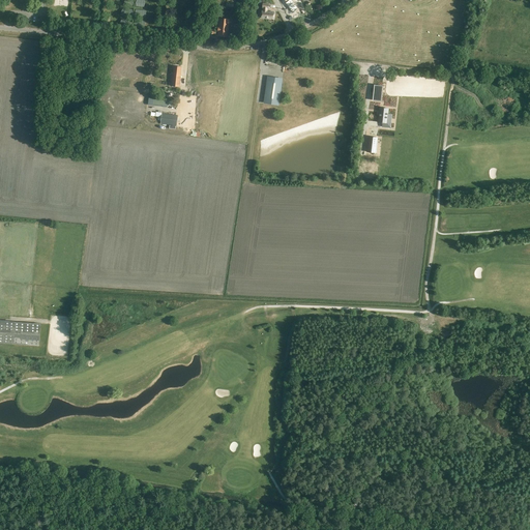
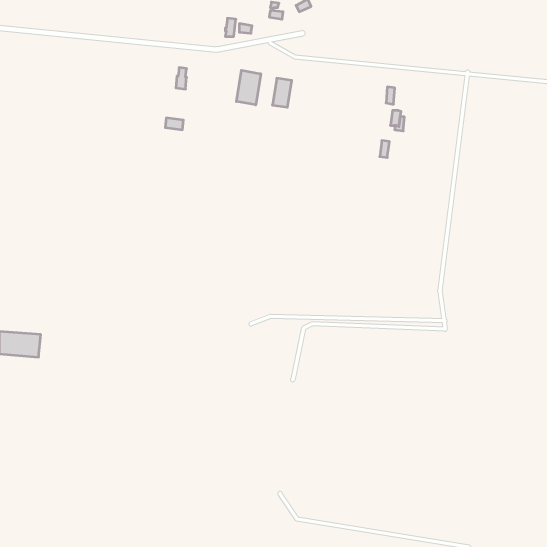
building: none -> [236,70,261,105]

